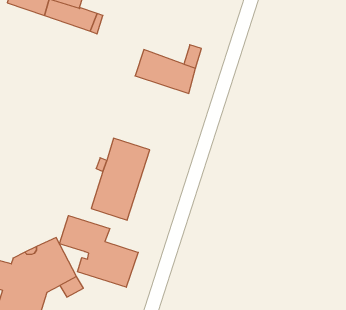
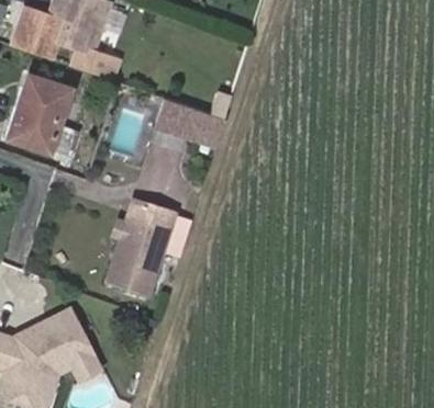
building: none -> [10,75,79,154]
building: [59,216,138,287] -> none

